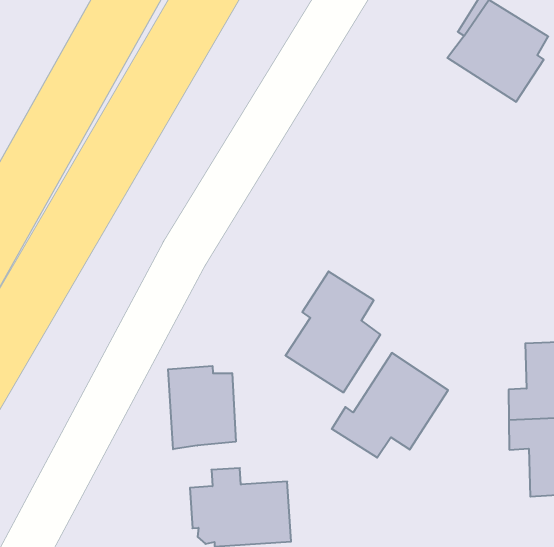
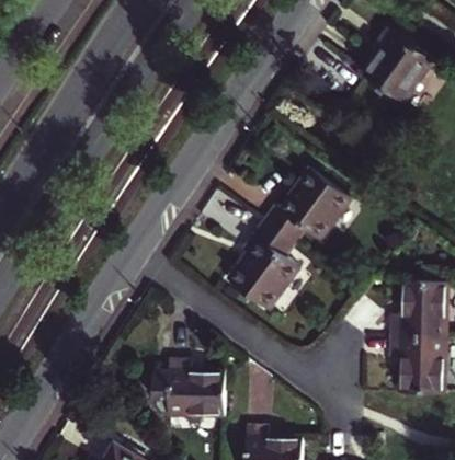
building: [332,353,448,458] -> [263,168,350,243]
building: [168,366,236,449] -> none

